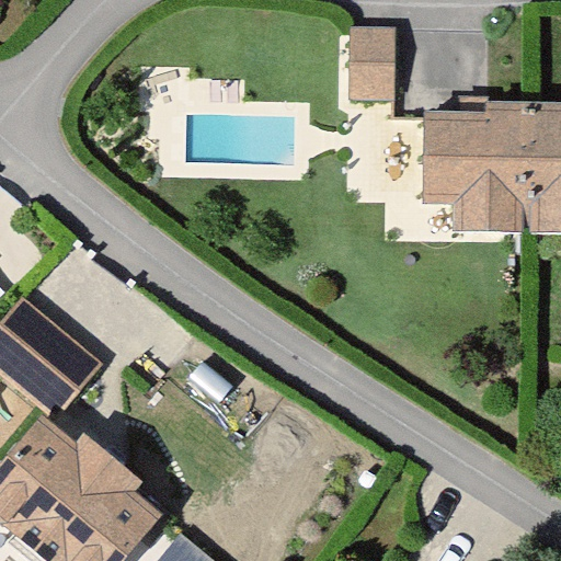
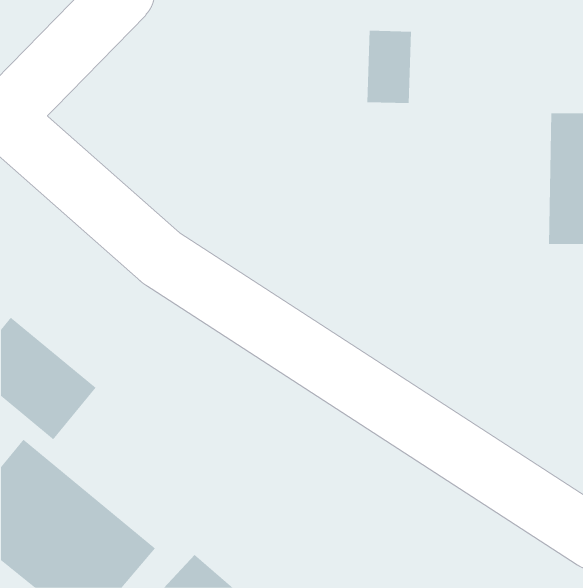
building: [416,106,529,230] -> none

